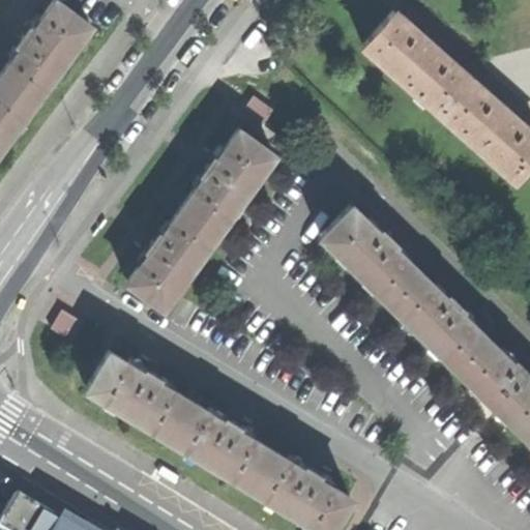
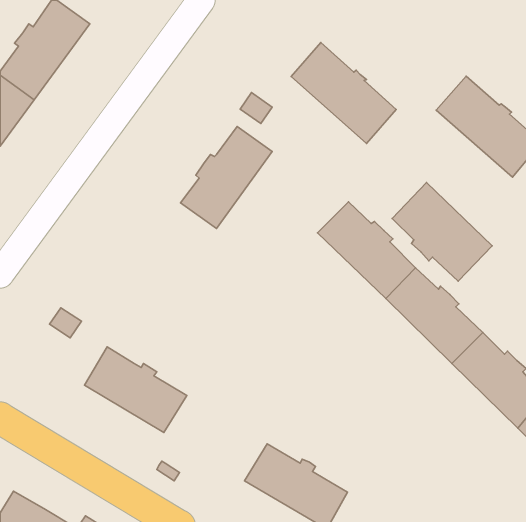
building: [363,13,469,115] -> [291,42,396,143]
building: none -> [392,182,492,281]
building: [127,208,218,311] -> none
building: [166,402,269,488] -> none

